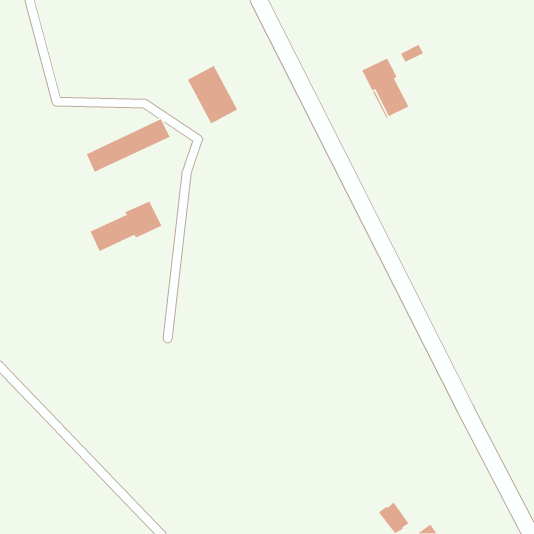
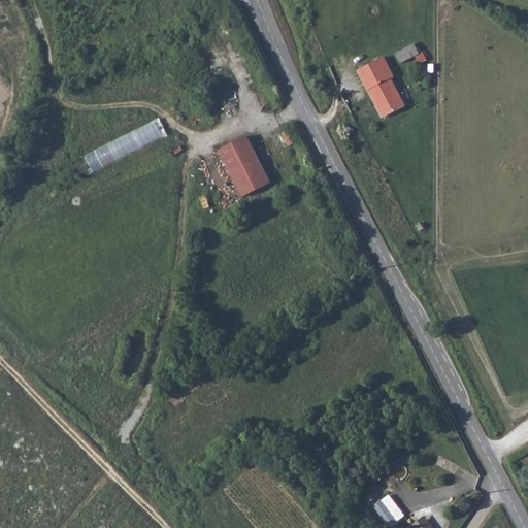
building: [187,65,238,125] -> [219,137,269,196]
building: [89,200,163,252] -> none

